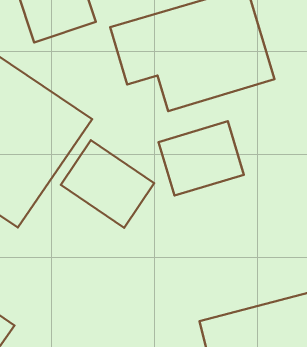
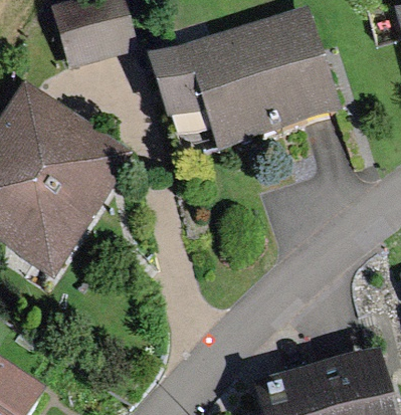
building: [159,121,244,196] -> none
building: [61,140,154,228] -> none

